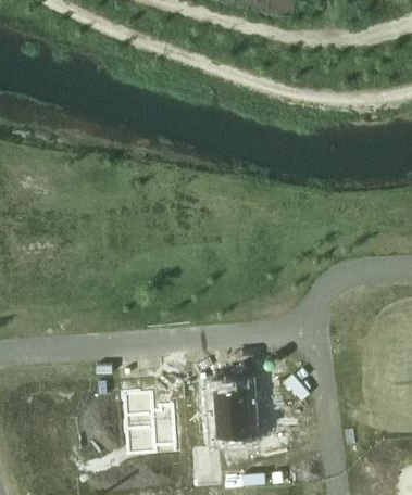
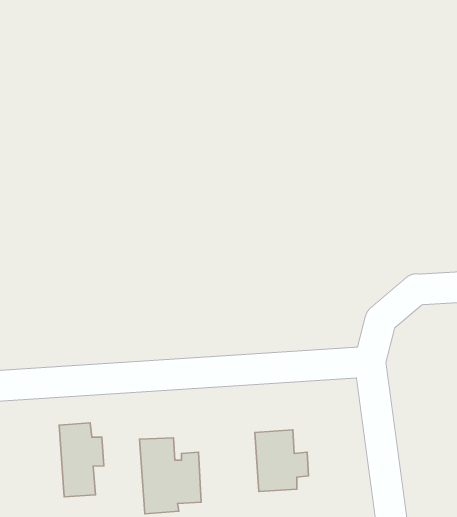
building: none -> [59,423,104,497]

